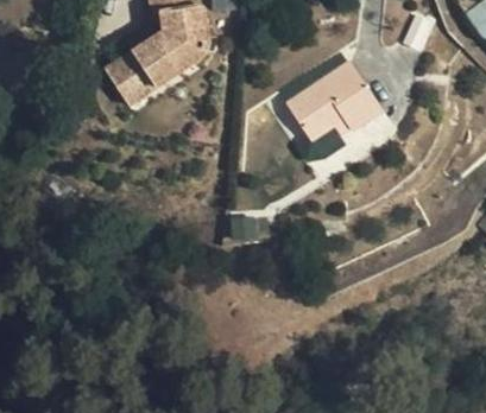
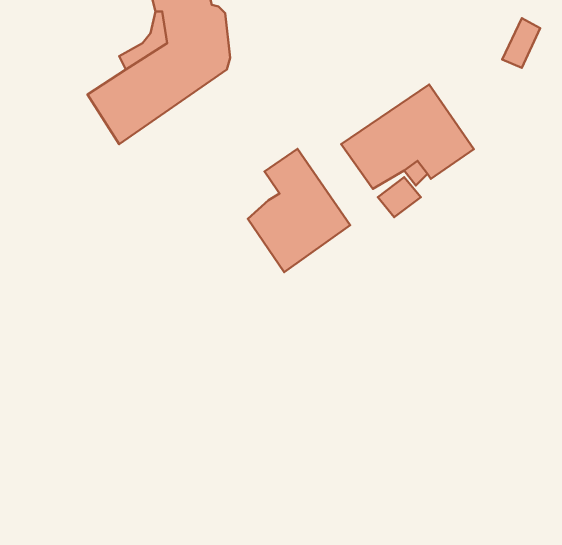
building: none -> [248,149,350,272]

